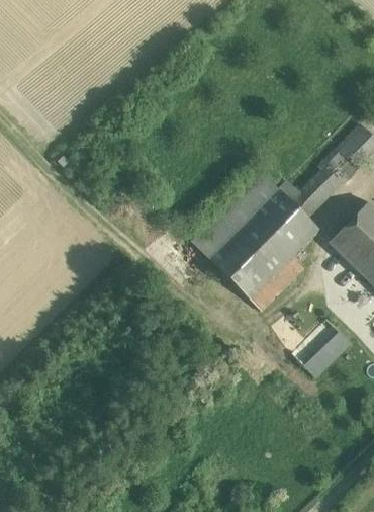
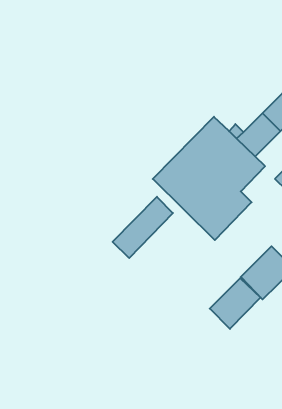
building: none -> [113,197,173,258]
building: none -> [210,278,261,329]

